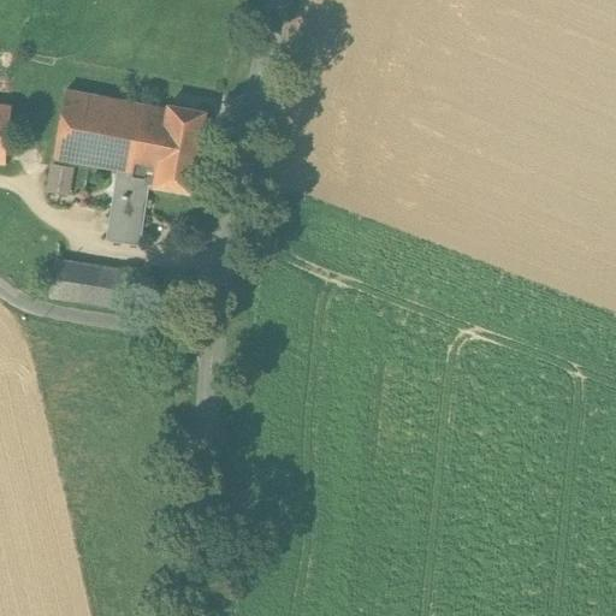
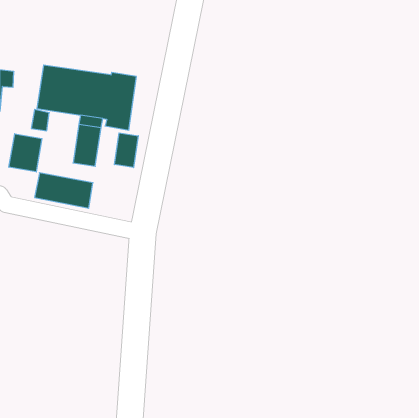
building: none -> [114,133,138,168]
building: none -> [9,134,42,172]

